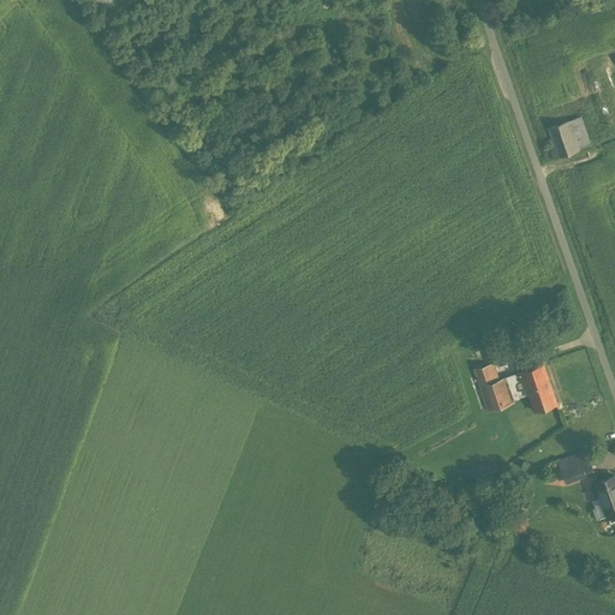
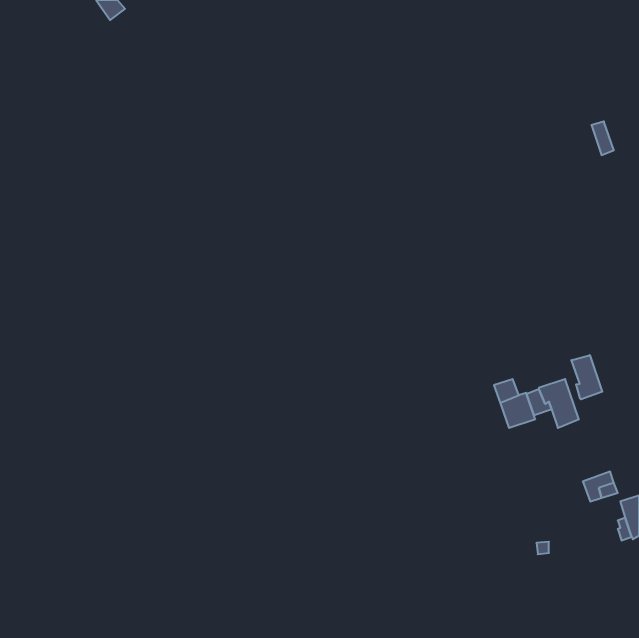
building: [549,121,578,159] -> none
building: none -> [571,355,602,399]

